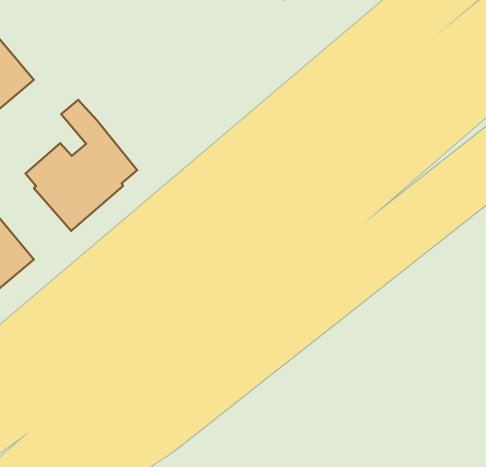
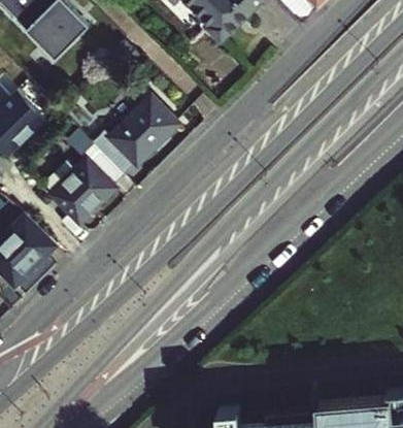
building: none -> [93,98,178,178]

